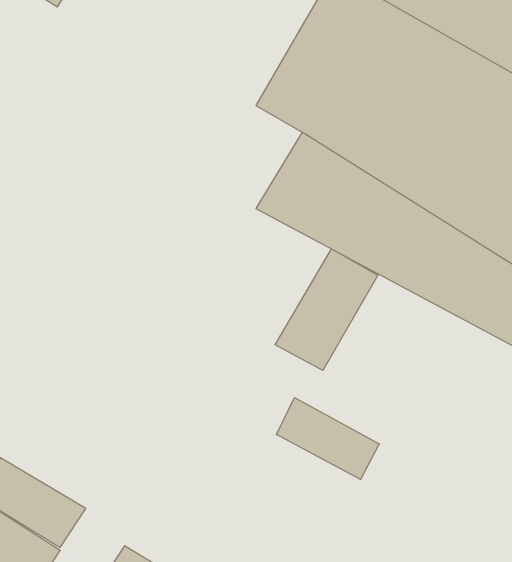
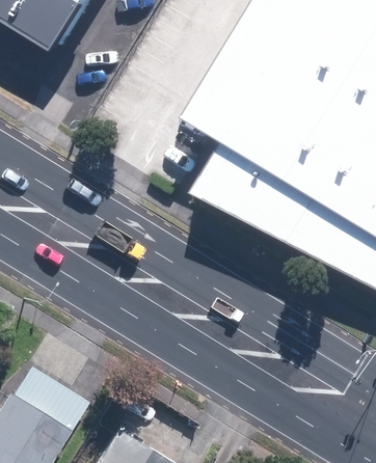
building: [275,249,378,370] -> none
building: [276,398,379,480] -> none

